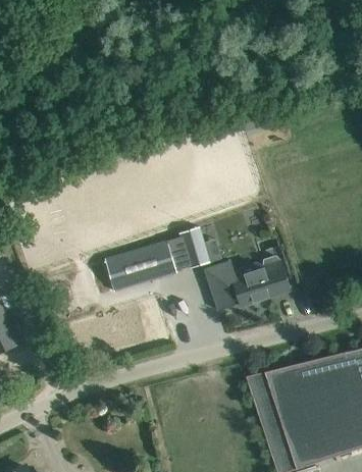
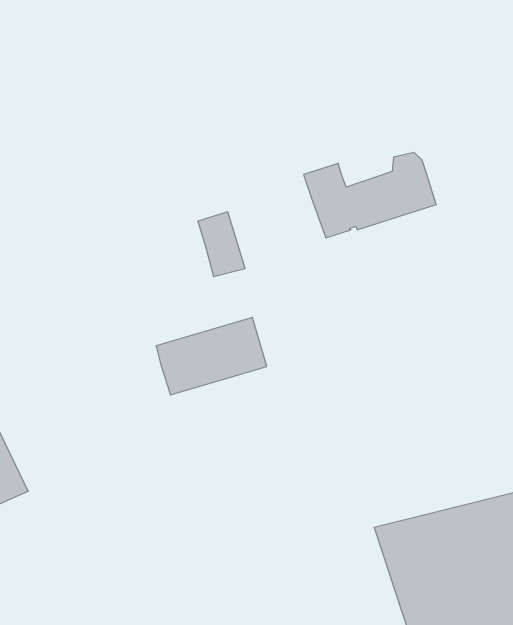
building: [179,226,210,268] -> [198,212,245,276]
building: [205,256,291,311] -> [304,152,436,238]

